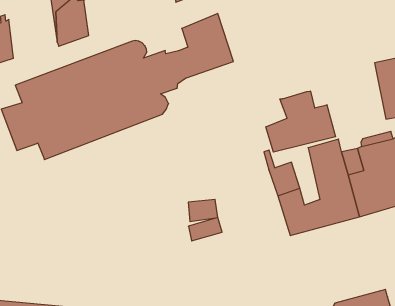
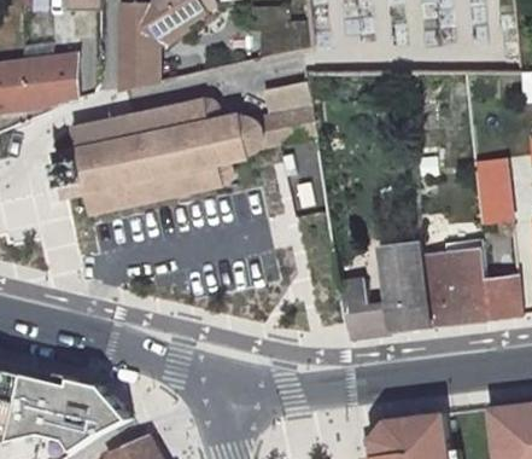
building: [266,91,336,152] -> none

